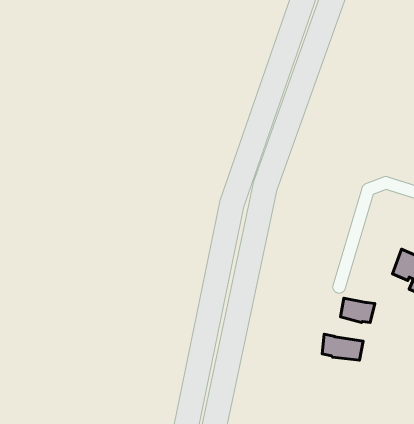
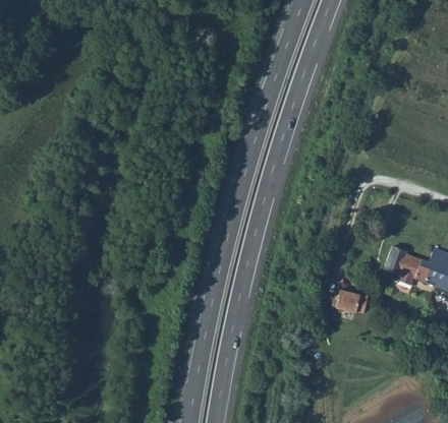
building: [322,334,363,360] -> none

